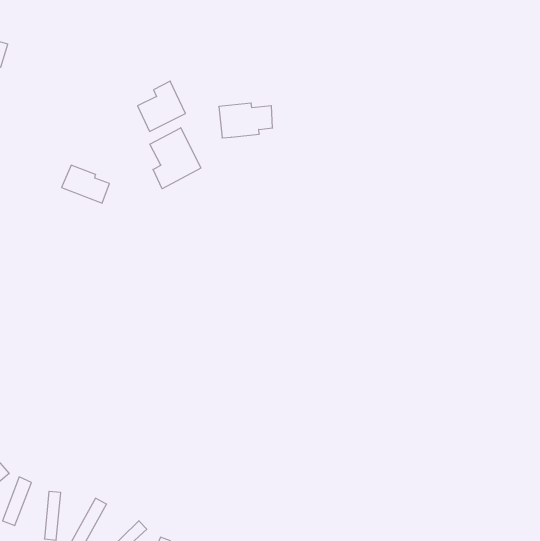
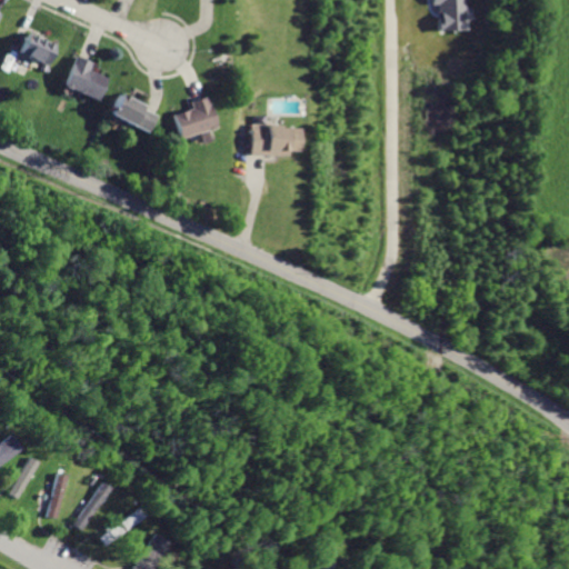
building: none -> [68,56,110,101]
building: [150,128,201,189] -> none
building: [62,165,109,203] -> [113,96,159,134]

